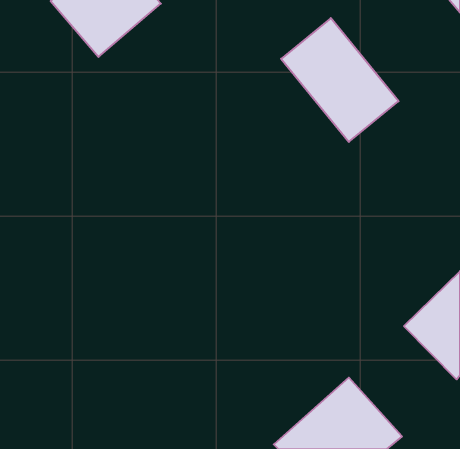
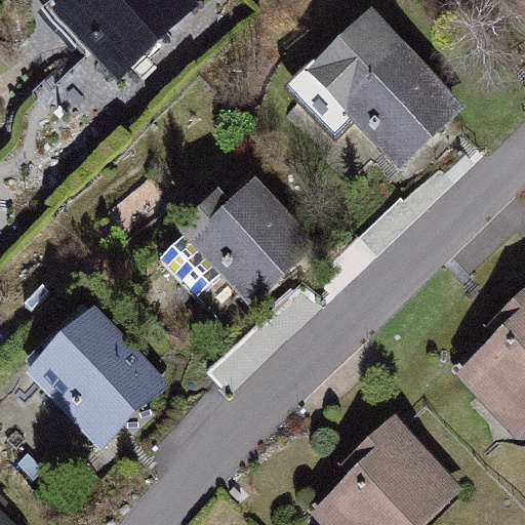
building: none -> [192,178,318,304]
building: none -> [36,312,158,436]

